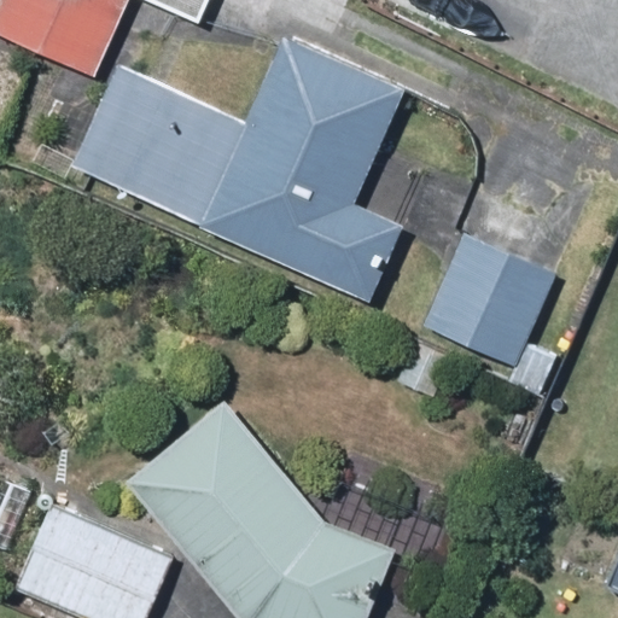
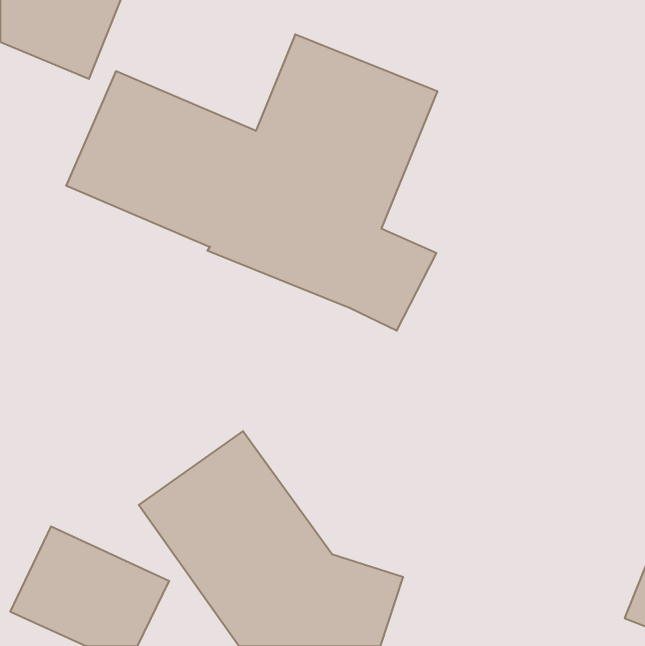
building: [415,229,561,377] -> none

